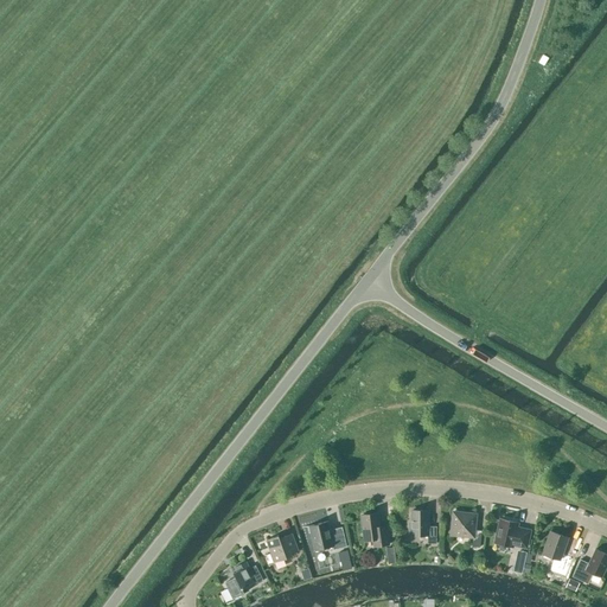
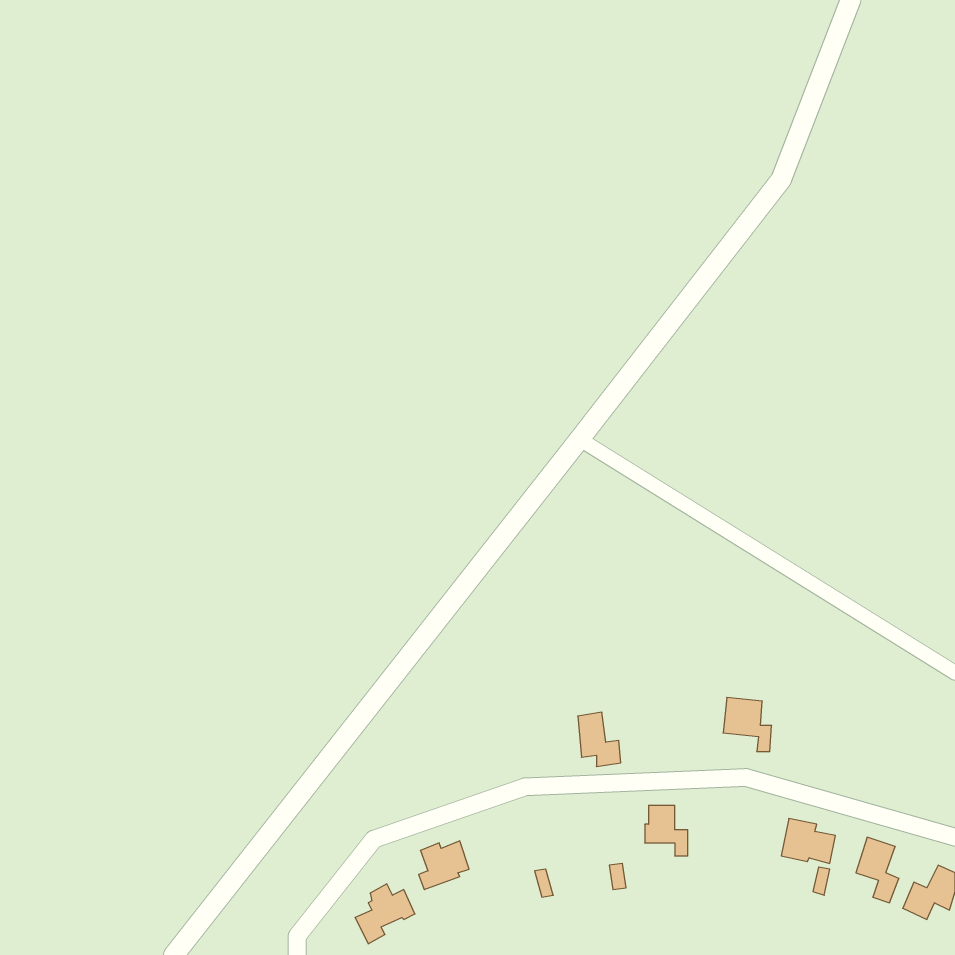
building: [362,512,389,547] -> [578,712,621,767]
building: [451,512,481,547] -> [723,697,772,752]
building: [305,520,347,551] -> none

